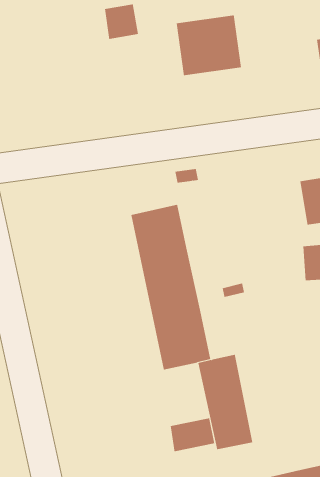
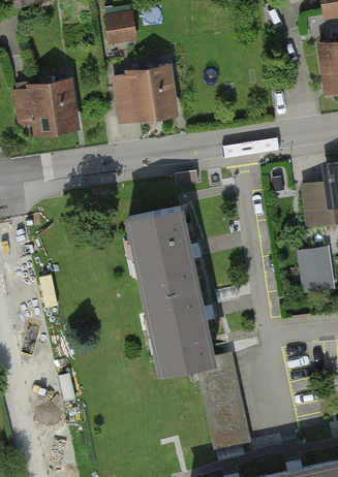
building: [176,15,242,76] -> [111,67,176,127]
building: none -> [11,82,78,139]
building: [170,417,215,452] -> none

